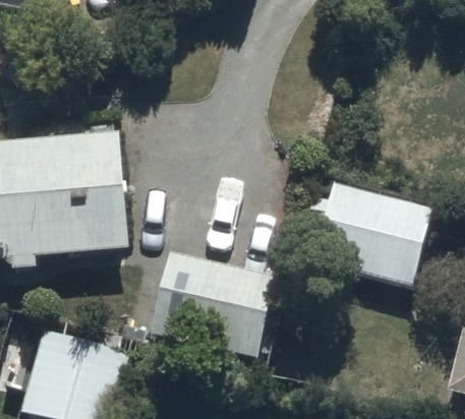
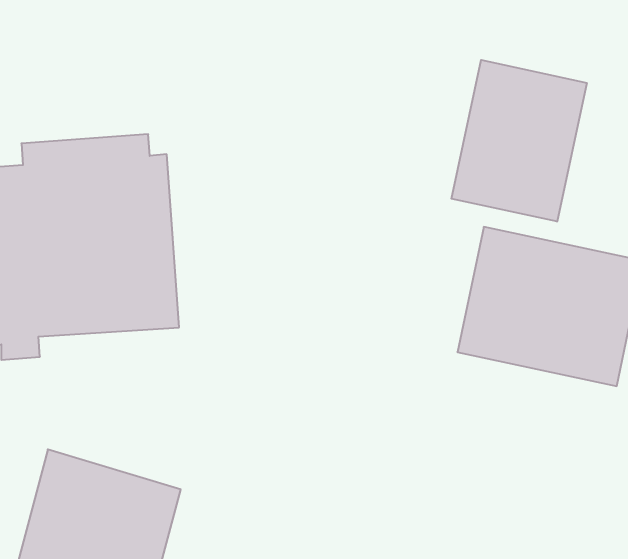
building: none -> [451,60,587,222]
building: [153,253,278,354] -> none

